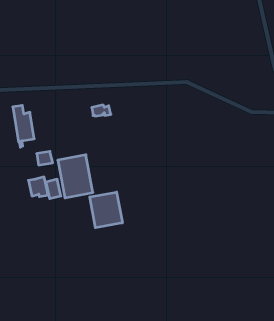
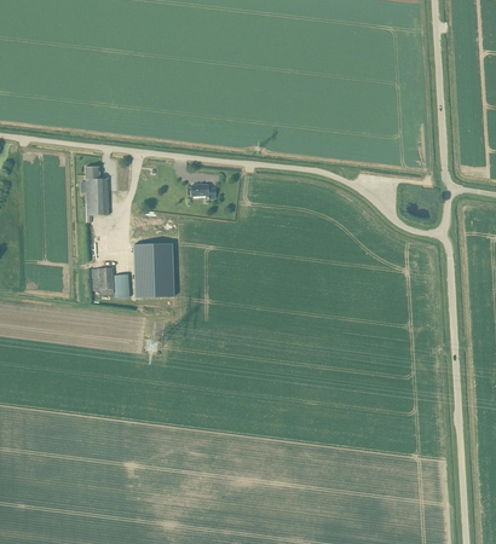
building: [90,192,122,228] -> none

